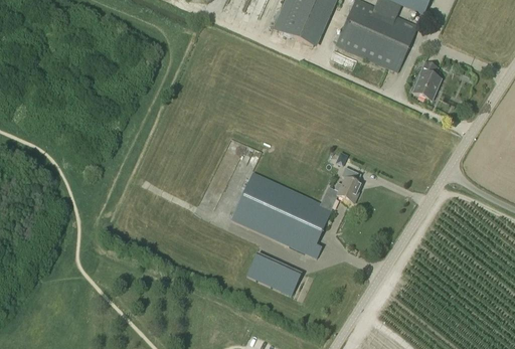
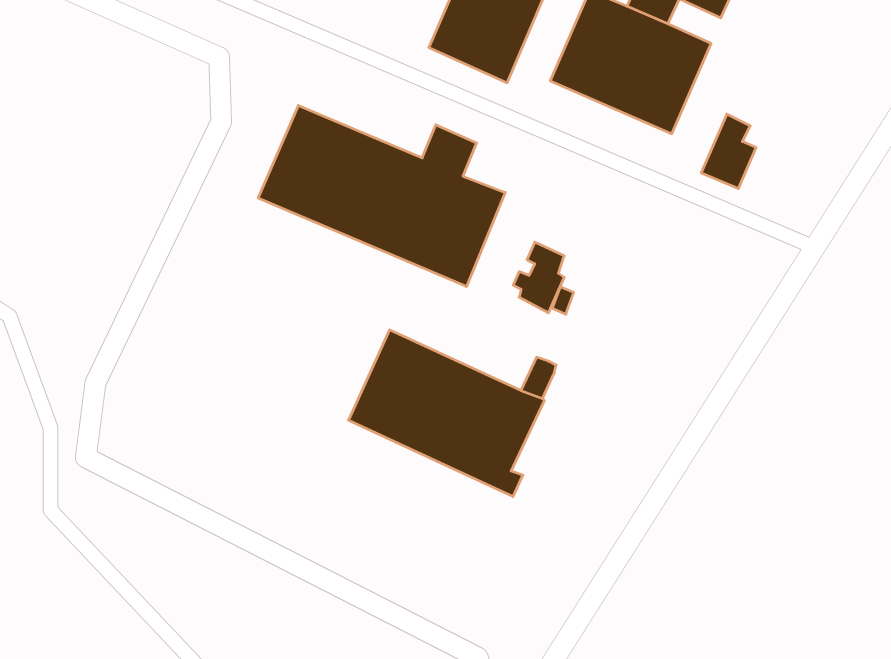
building: none -> [258,105,505,287]
building: [335,166,361,202] -> [513,242,564,313]
building: [241,248,307,300] -> none

